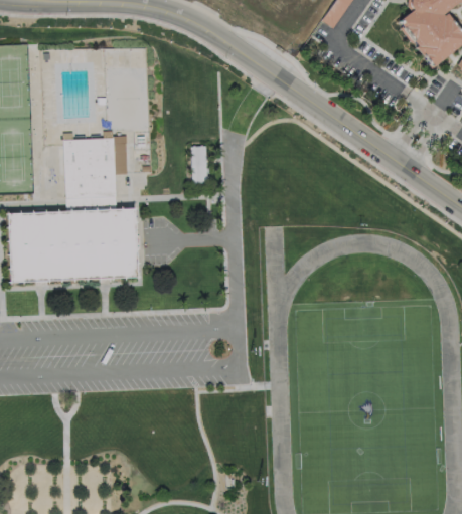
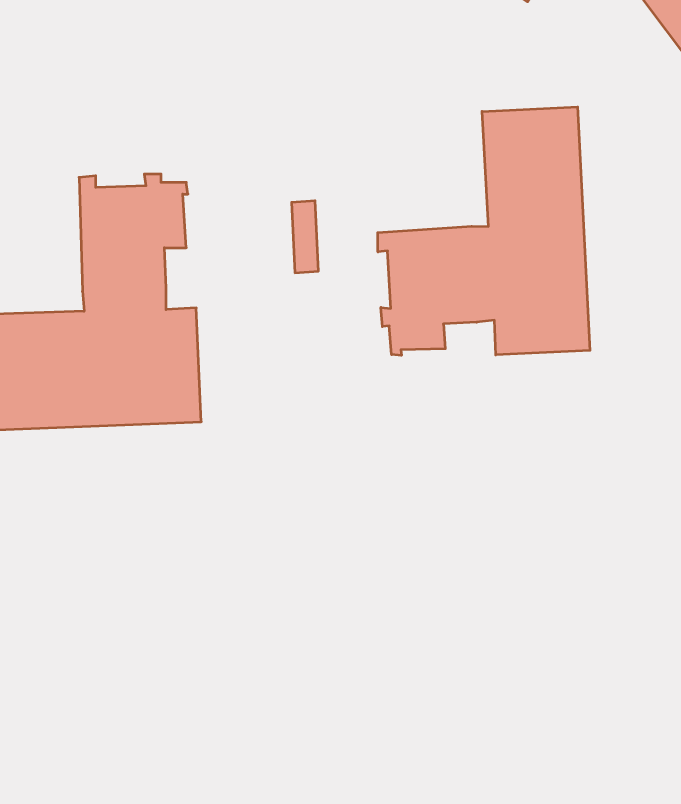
building: none -> [378,107,590,355]

